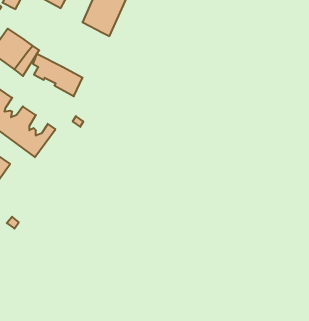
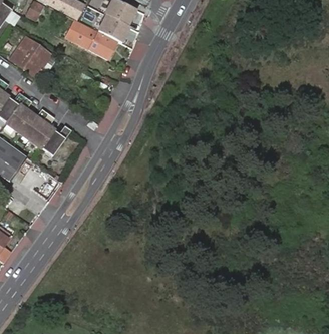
building: [33,54,83,96] -> [69,19,115,58]

